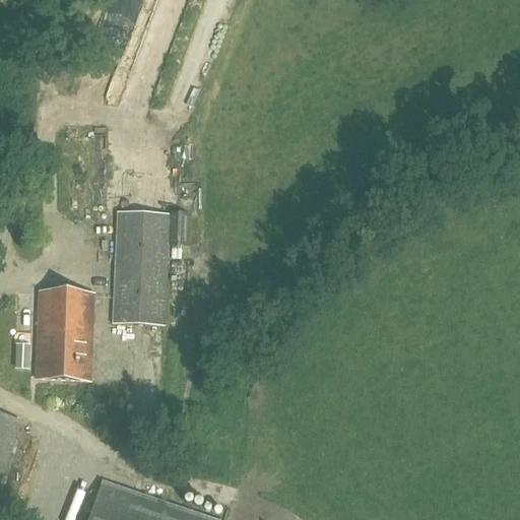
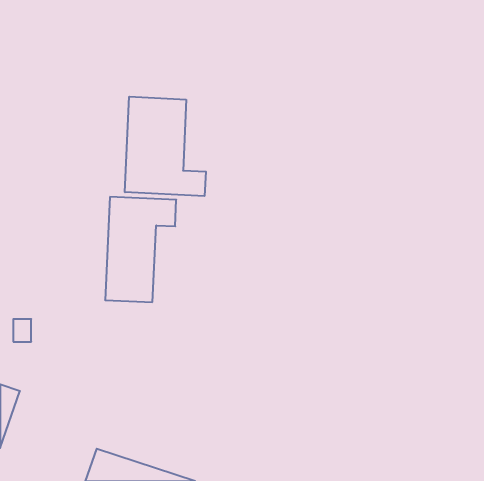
building: none -> [125,97,206,196]
building: [37,292,92,380] -> none

